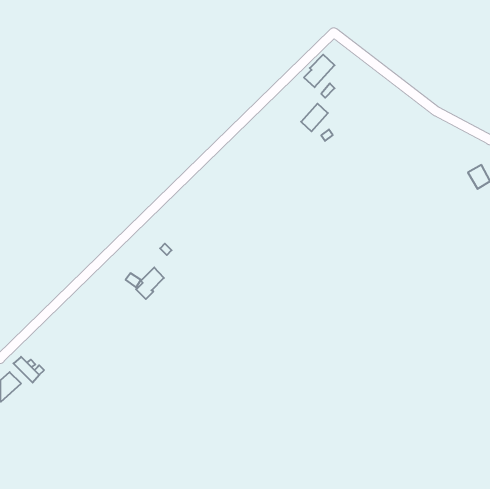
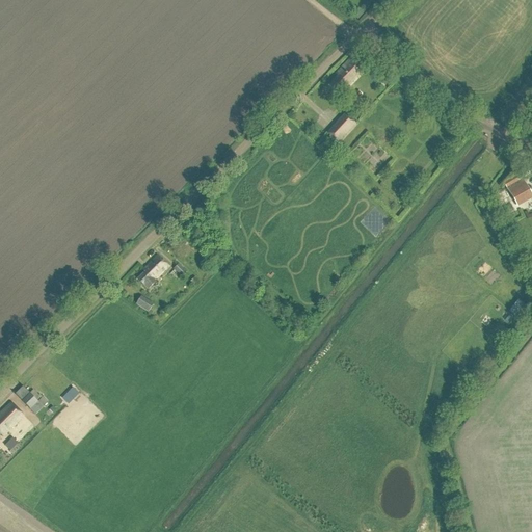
building: [136,267,164,299] -> [137,255,167,289]

